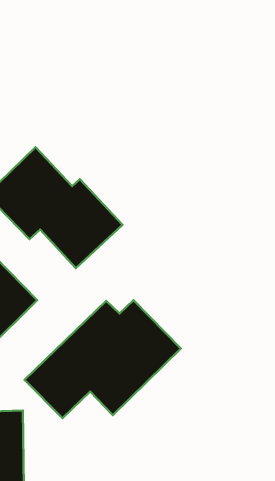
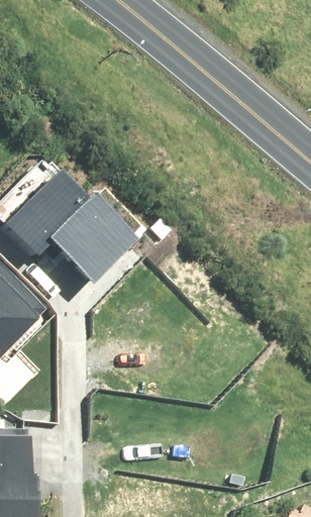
building: [24,300,181,418] -> none

